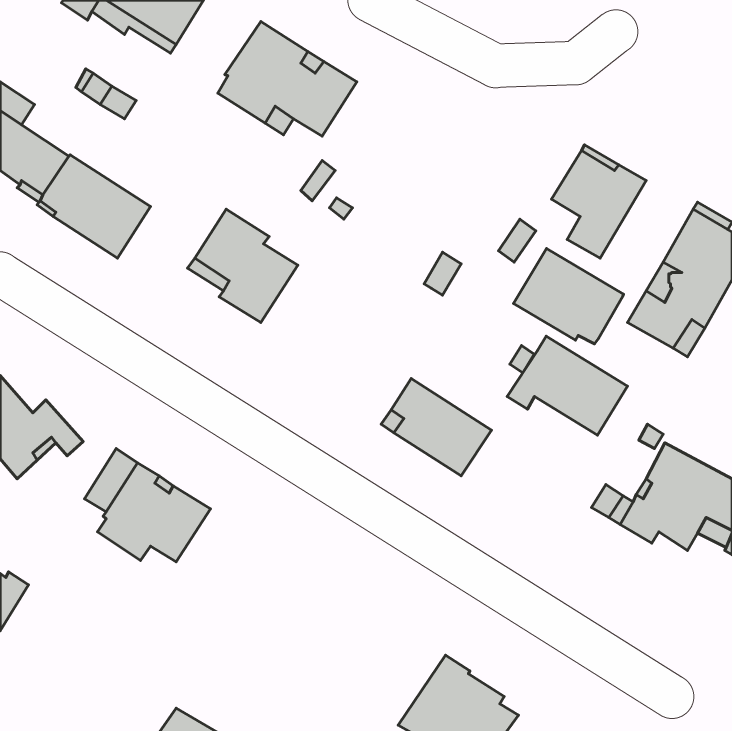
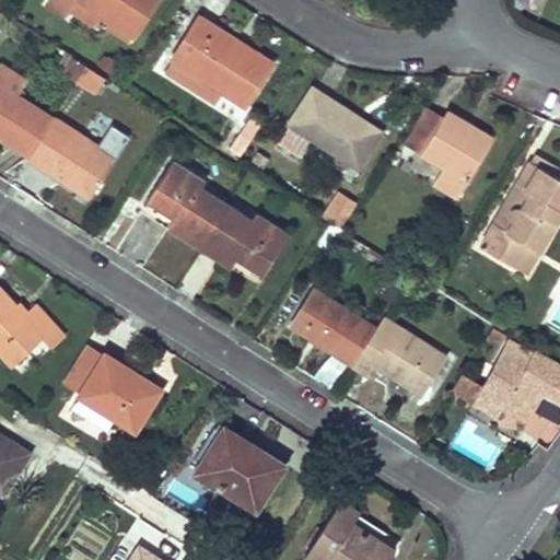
building: none -> [278,90,380,167]
building: [514,248,623,344] -> none
building: none -> [199,203,290,272]
building: [507,336,628,435] -> [352,318,444,394]
building: none -> [196,431,284,510]

